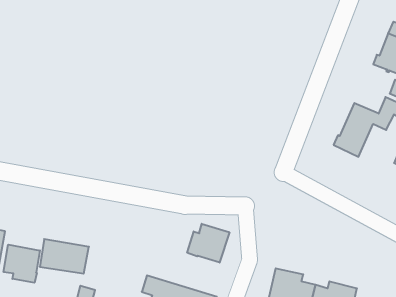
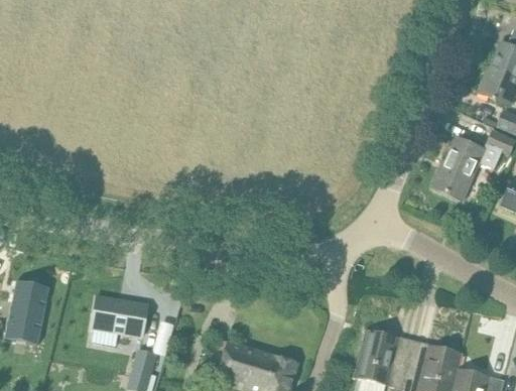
building: [187,224,229,263] -> none
building: [4,245,40,283] -> none

